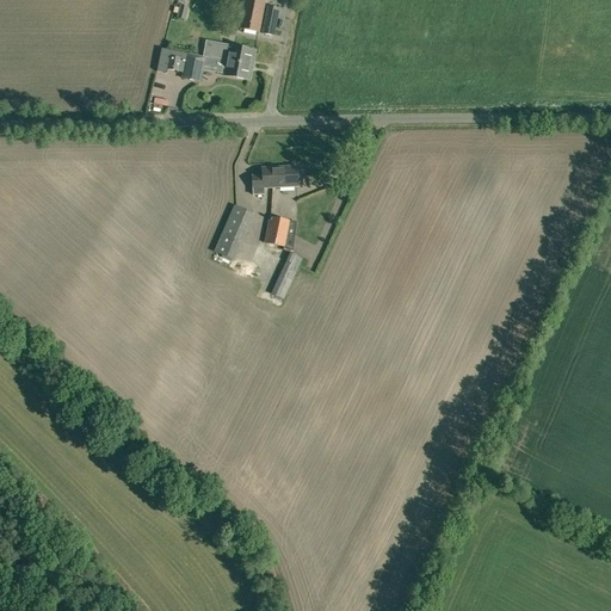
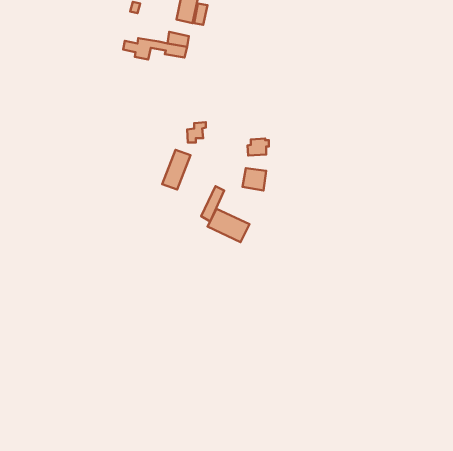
building: [272,163,301,186] -> [247,139,269,155]
building: [264,216,296,246] -> [242,168,266,190]
building: none -> [208,209,250,242]

